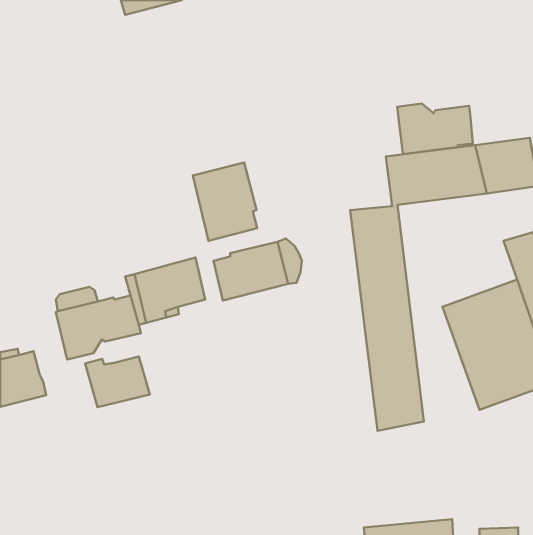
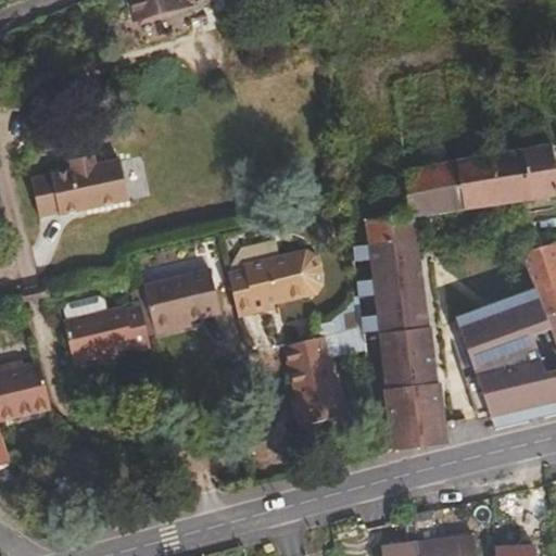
building: [397,104,473,154] -> none
building: none -> [39,156,136,217]
building: [193,163,257,241] -> none
building: none -> [279,333,339,422]
building: [85,357,150,407] -> none

